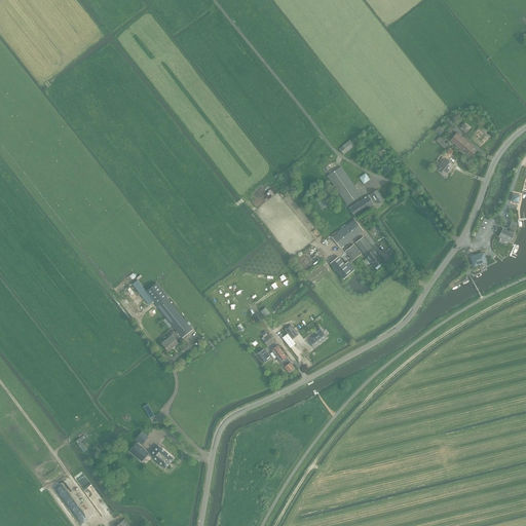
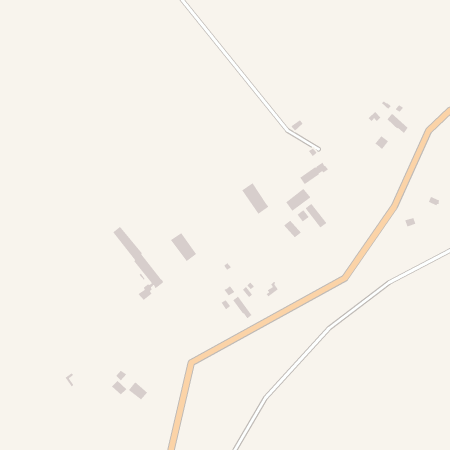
building: [327,165,360,203] -> [241,182,269,215]
building: none -> [170,232,197,262]

